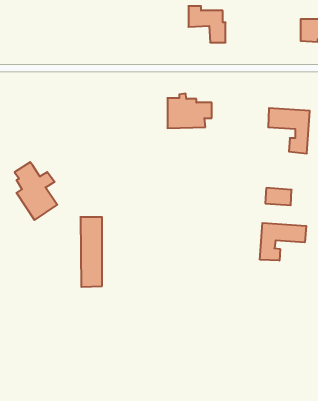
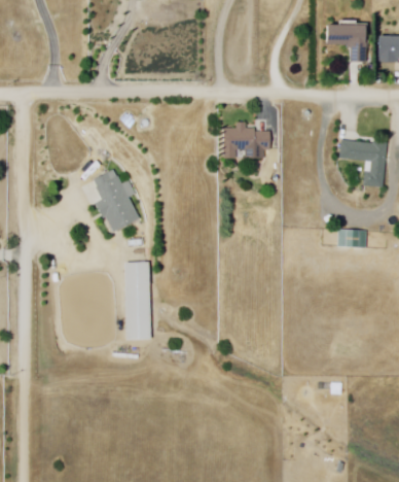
building: [188,6,226,42] -> [325,22,367,63]
building: [15,162,57,220] -> [94,167,142,233]
building: [260,223,306,261] -> none

